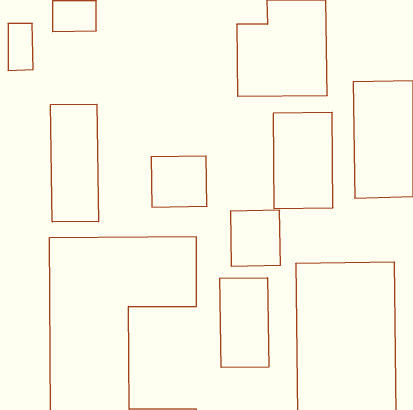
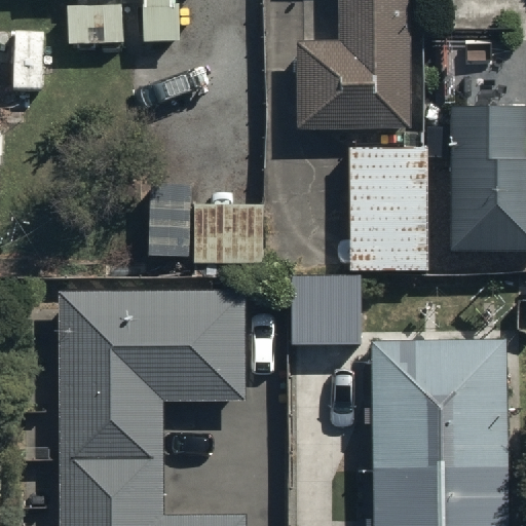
building: [51,104,99,222] -> none
building: [220,278,269,367] -> none

